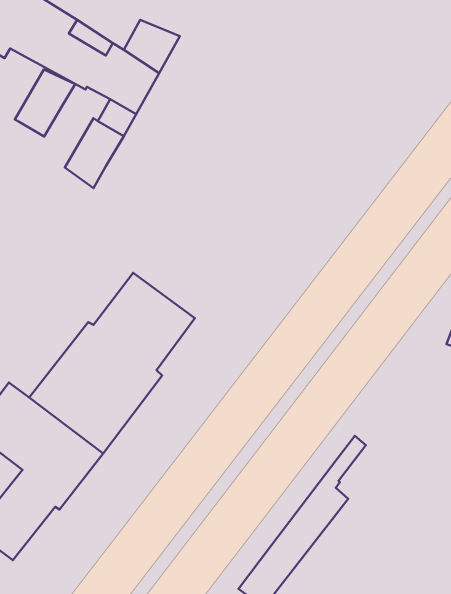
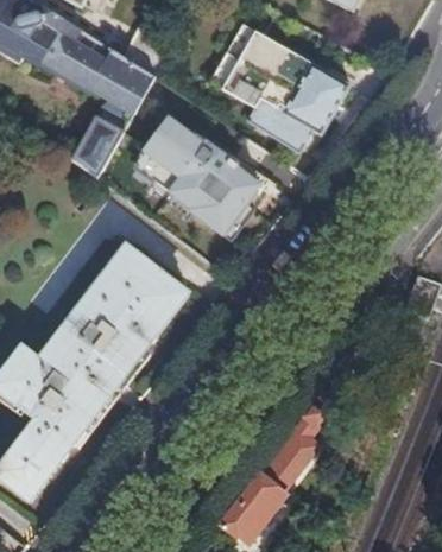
building: none -> [222,31,351,152]
building: [15,70,75,137] -> none
building: none -> [139,115,261,233]

